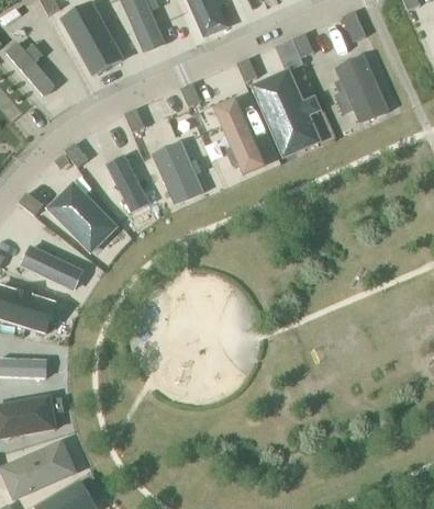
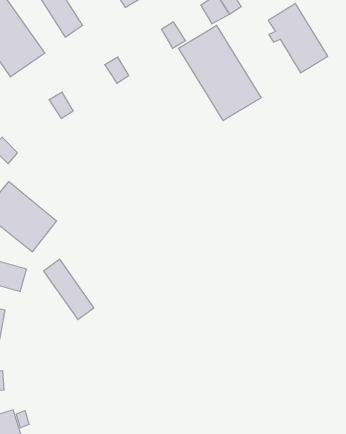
building: [213,95,264,171] -> none
building: [154,143,201,203] -> none
building: [107,154,148,212] -> [44,259,94,320]

